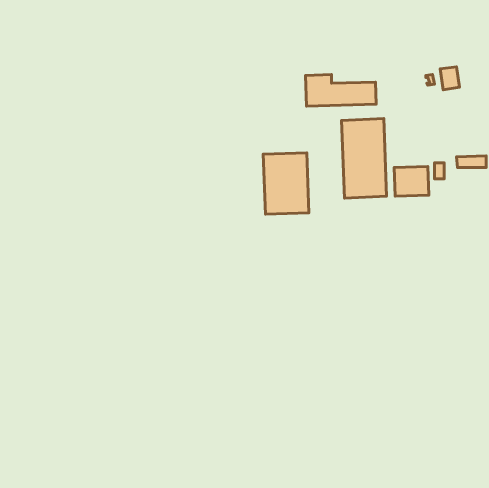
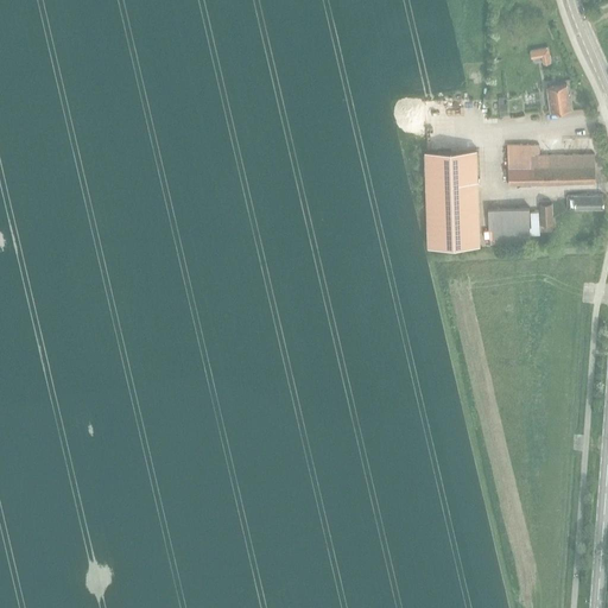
building: [306,75,376,106] -> [507,145,595,184]
building: [263,153,309,214] -> none

